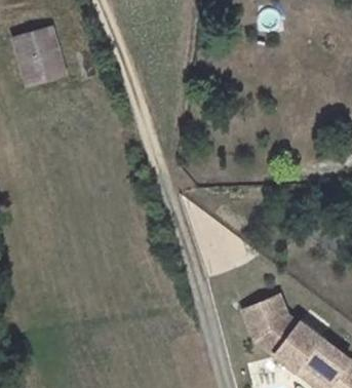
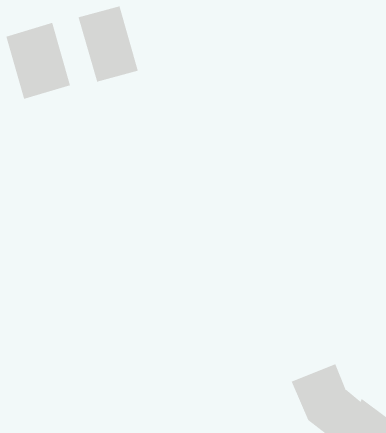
building: none -> [78,6,139,83]

